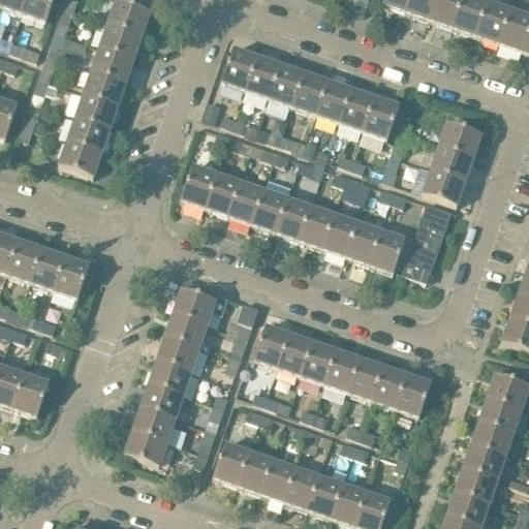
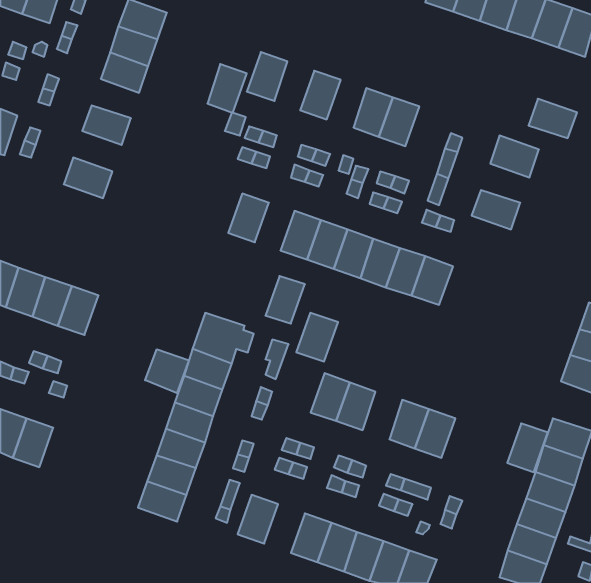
building: [246,55,281,98] -> [207,64,247,113]
building: [83,70,125,105] -> none
building: [292,71,328,114] -> none
building: [363,95,399,138] -> none
building: [66,117,110,153] -> none
building: [430,146,473,181] -> [528,99,577,138]
building: [181,164,217,208] -> none
building: [228,181,263,223] -> [265,276,305,324]
building: [401,203,450,282] -> none
building: none -> [145,349,189,393]
building: [253,324,290,368] -> [296,313,338,362]
building: [324,349,360,392] -> none
building: [395,373,431,416] -> [507,423,548,472]
building: [237,449,273,493] -> none

